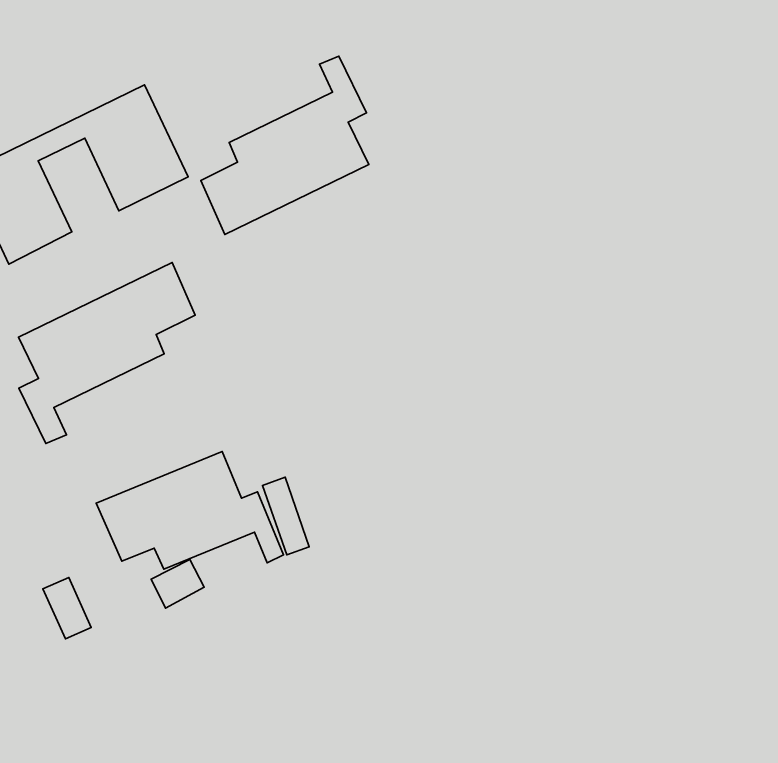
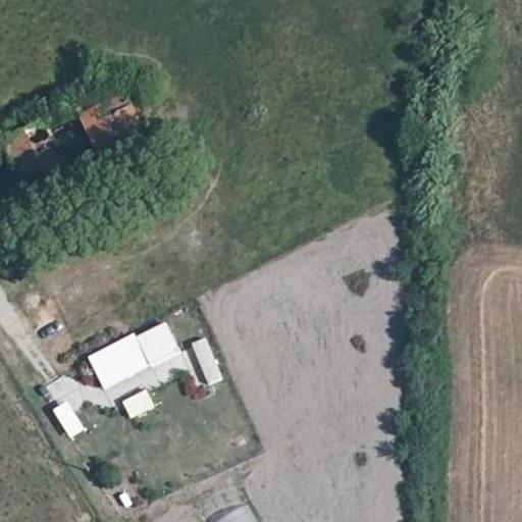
building: [201,56,369,235] -> none
building: [18,262,195,444] -> none

